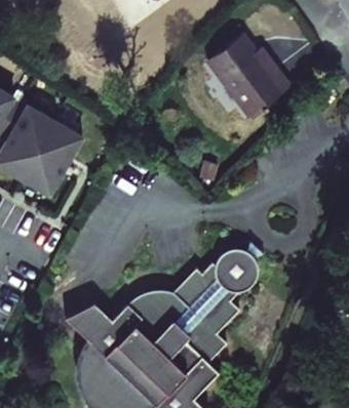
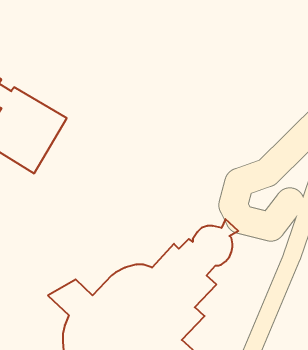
building: [209,37,290,120] -> none

